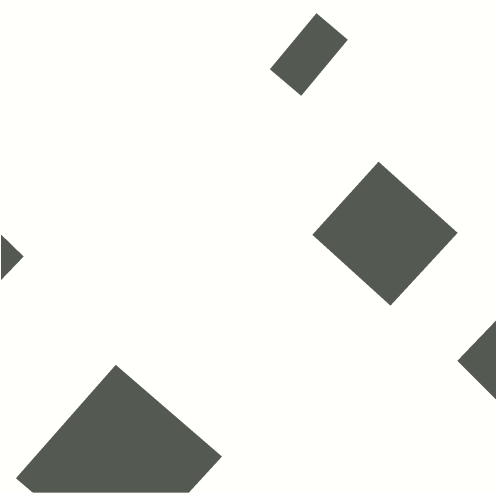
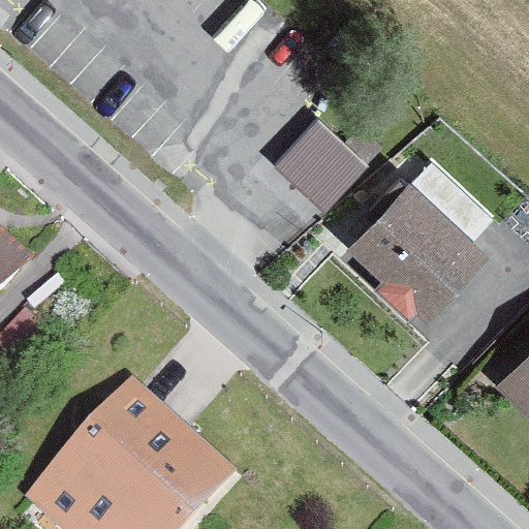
building: [269,12,349,97] -> [289,127,373,216]

